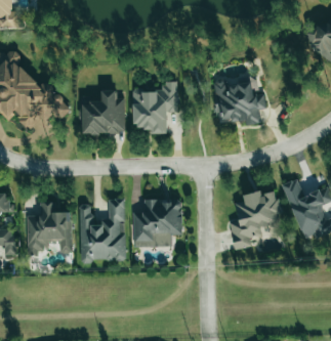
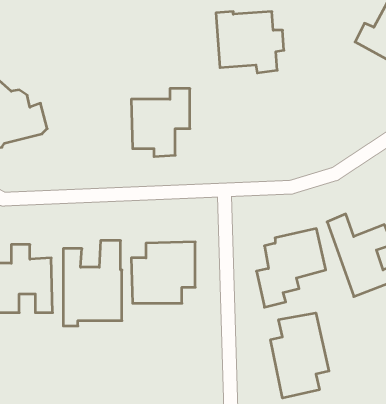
building: [213,78,265,125] -> [216,12,284,73]
building: [82,89,125,133] -> none
building: none -> [271,313,329,398]

